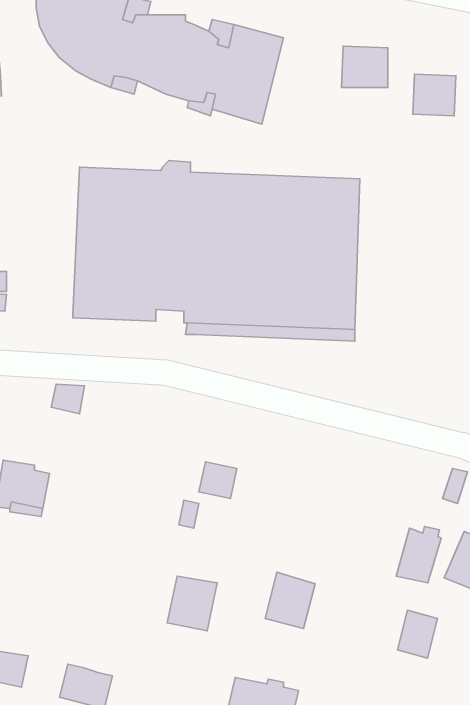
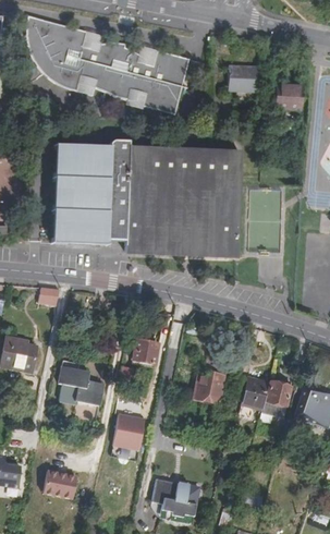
building: none -> [58,360,102,405]
building: [265,572,315,628] -> [192,367,224,404]
building: [398,610,437,658] -> [243,377,269,409]

